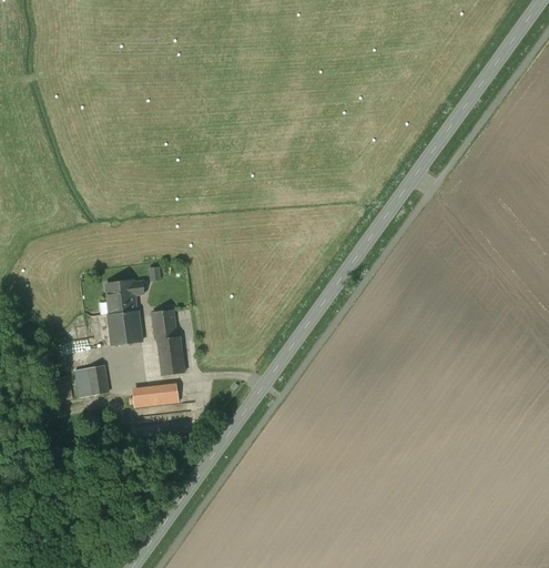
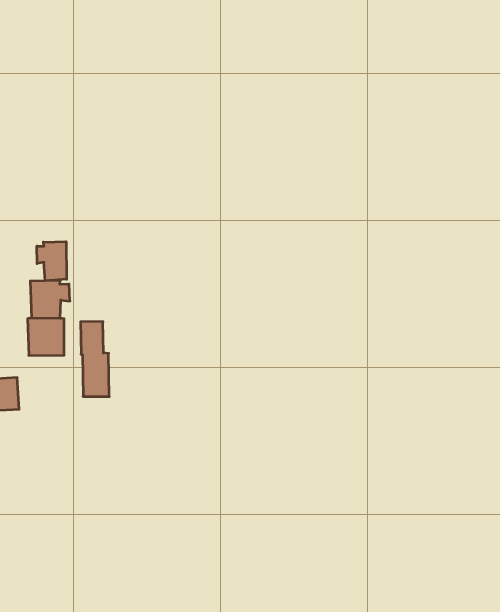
building: none -> [37,242,67,281]
building: [132,385,177,406] -> none

